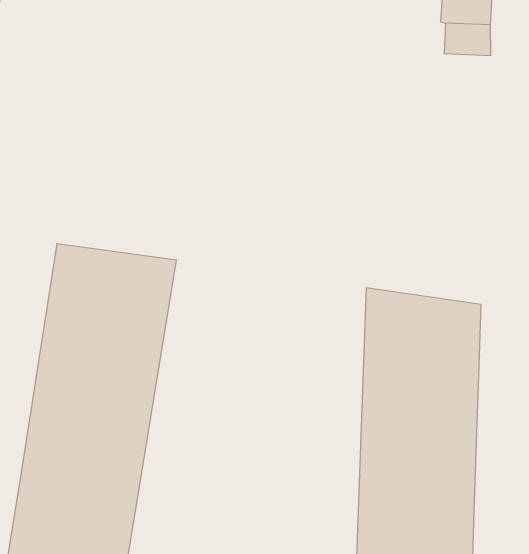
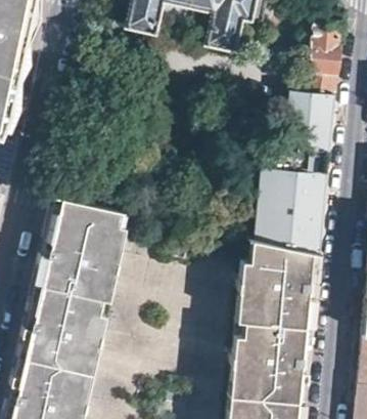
building: none -> [257,96,334,252]

